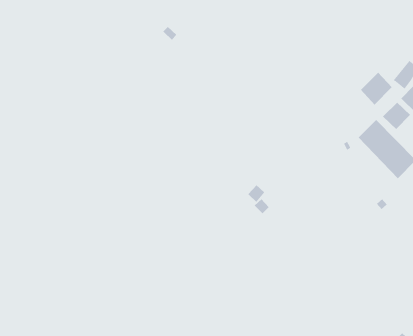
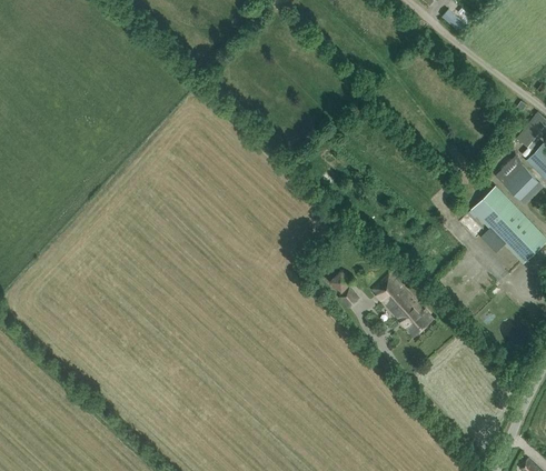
building: [360,72,393,105] -> none
building: none -> [373,273,435,337]

